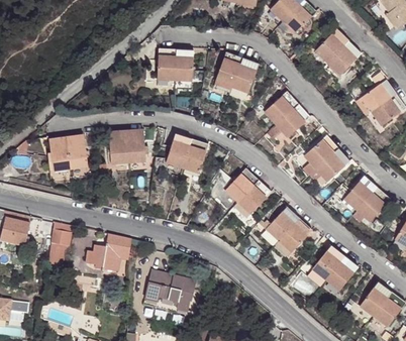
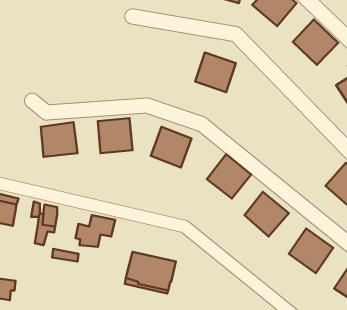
building: [150,46,191,87] -> none
building: [268,93,313,138] -> none
building: [307,134,353,182] -> none

